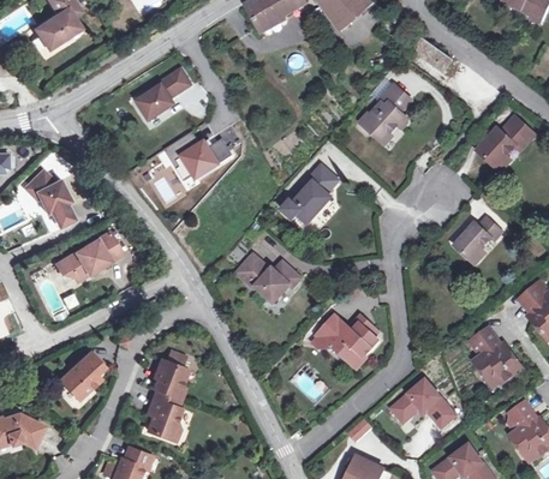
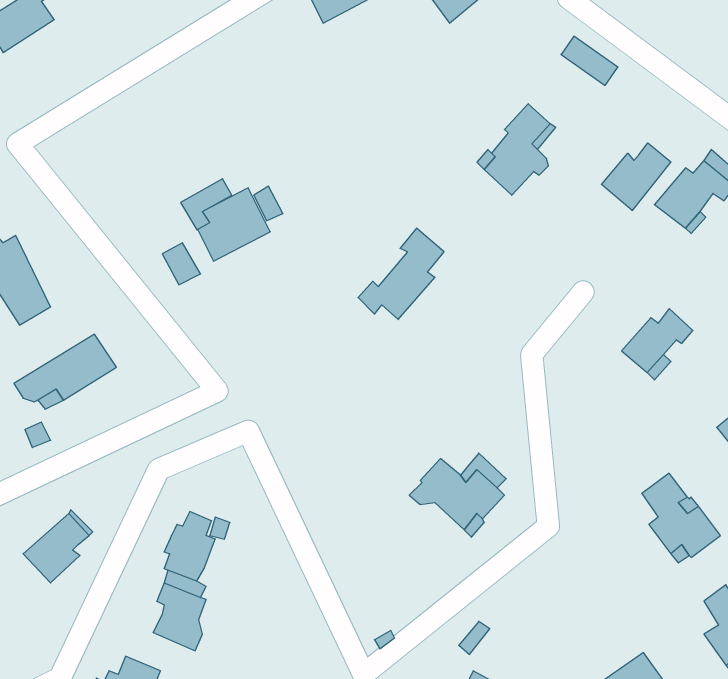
building: [135,71,190,121] -> none
building: none -> [601,143,671,211]
building: [237,255,302,303] -> none
building: [389,378,454,426] -> none

